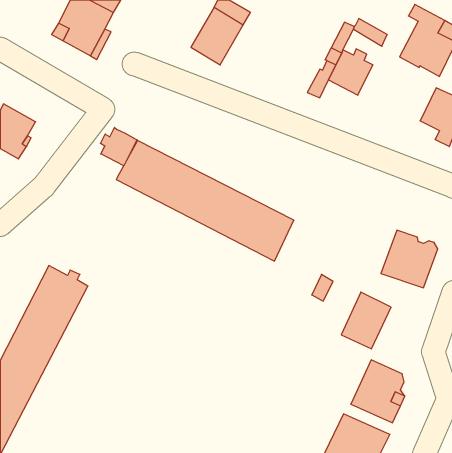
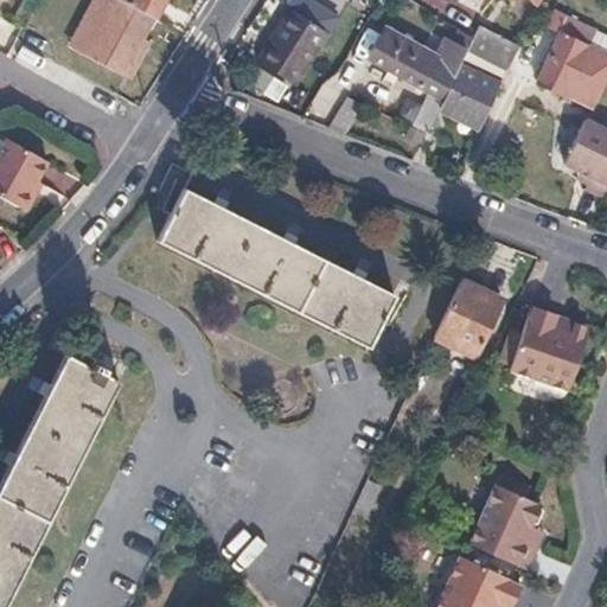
building: none -> [370,26,439,84]
building: [100,127,137,166] -> none
building: [341,292,391,349] -> [435,280,501,356]

